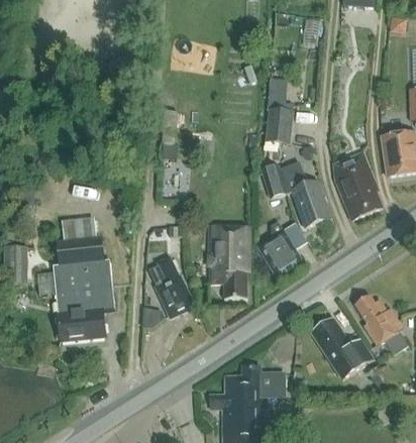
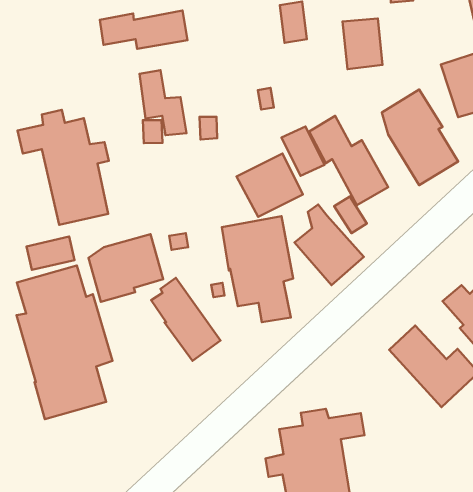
building: none -> [100,10,187,49]
building: [266,109,293,144] -> [342,18,382,69]
building: none -> [18,110,109,225]
building: none -> [237,153,303,217]
building: none -> [89,234,163,302]

